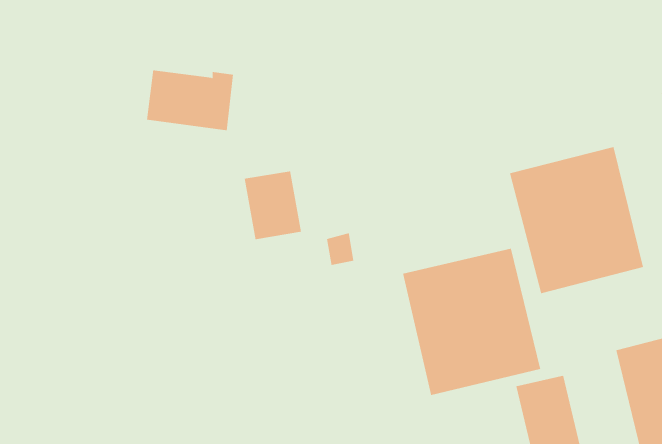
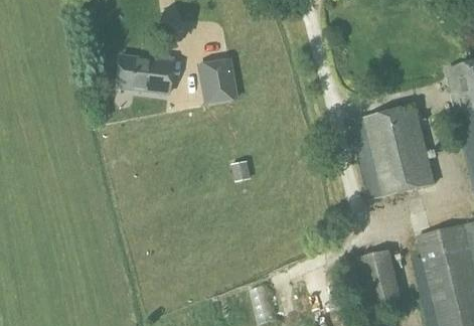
building: [244,171,302,240] -> [199,58,236,103]
building: [403,248,541,396] -> none

